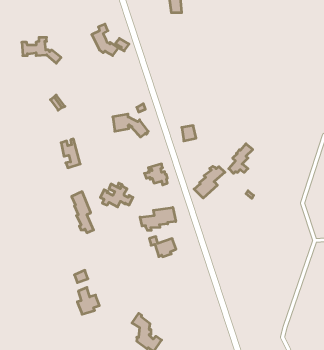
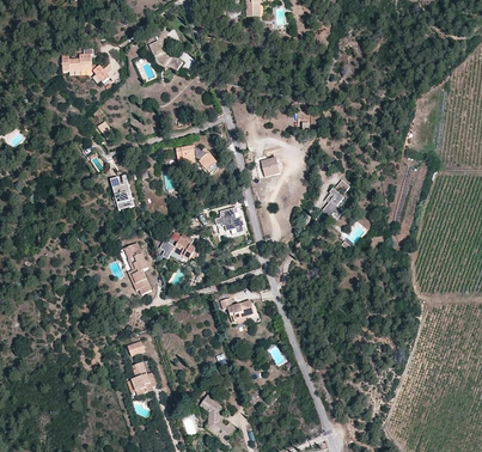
building: [194,166,225,198] -> none
building: [140,207,176,230] -> none

